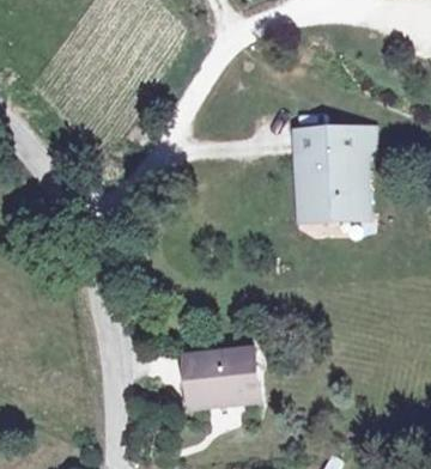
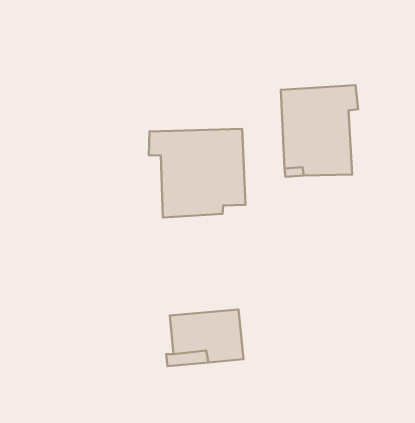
building: none -> [149,129,246,217]

